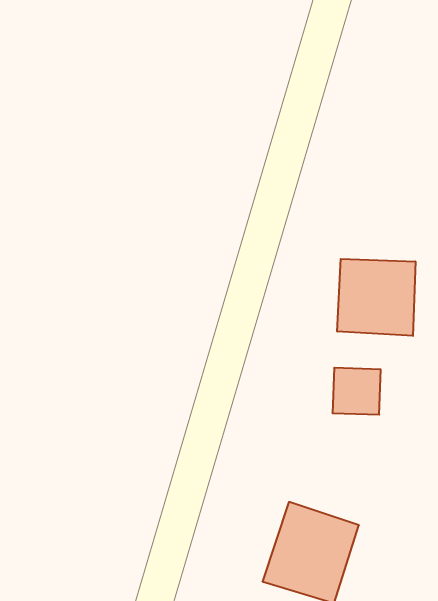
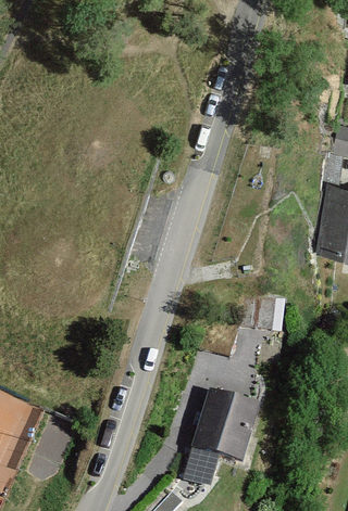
building: [337,259,415,336] -> none

